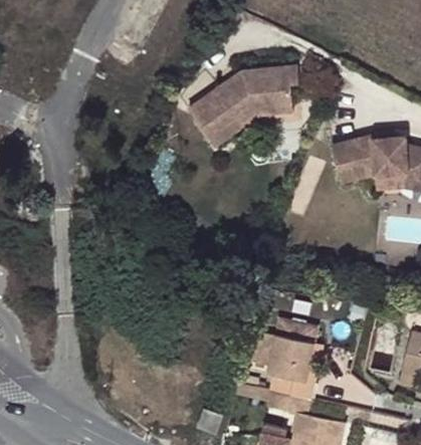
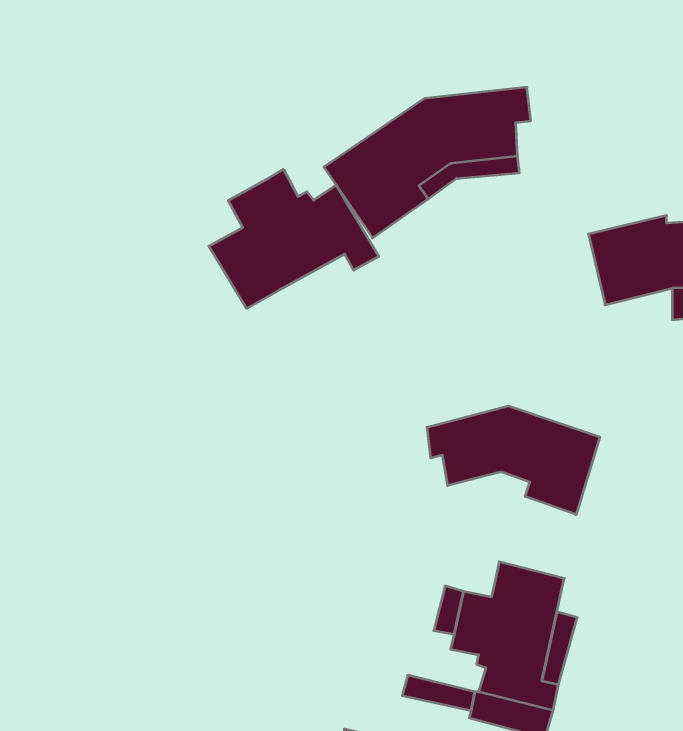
building: none -> [209,169,379,308]
building: none -> [427,406,600,515]

